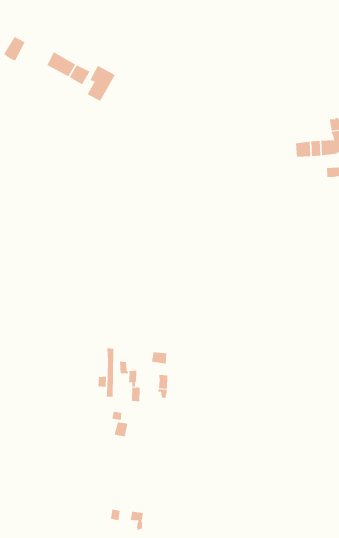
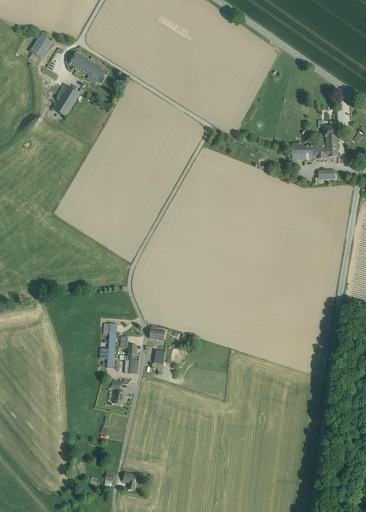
building: [87,65,115,101] -> [52,83,79,116]

